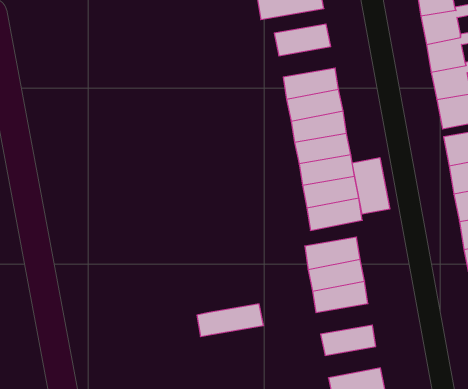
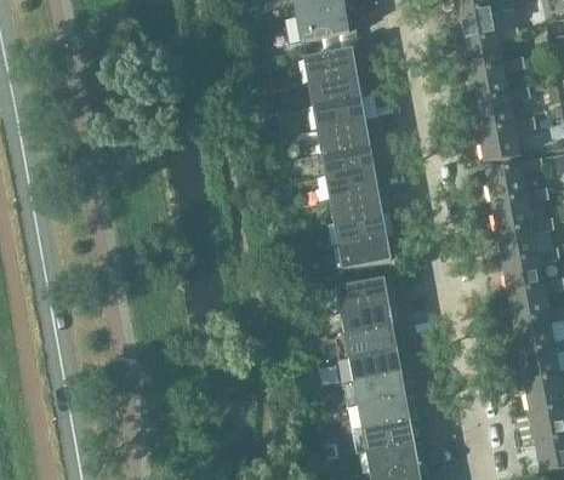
building: none -> [307,73,368,105]
building: [352,158,390,214] -> none
building: [197,304,264,337] -> [336,349,408,384]
building: none -> [357,395,416,429]

